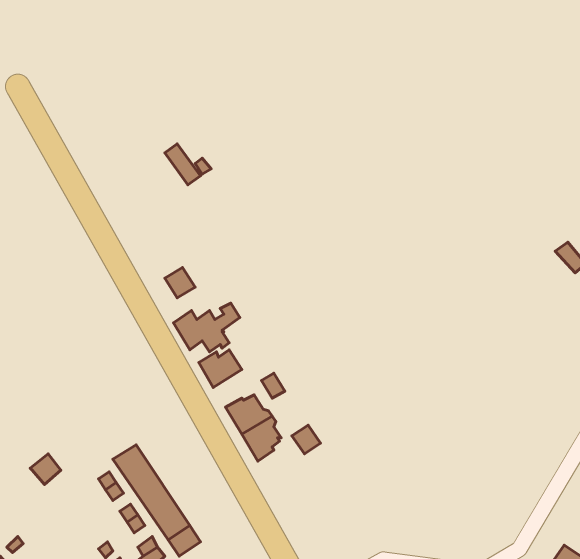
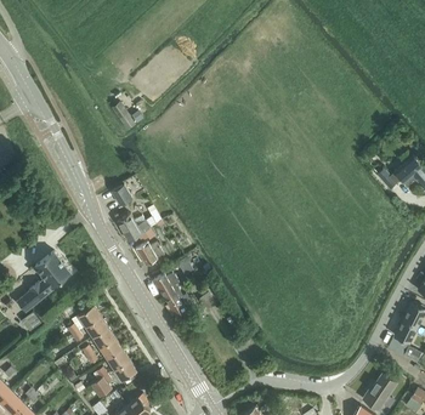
building: none -> [17,252,70,312]

